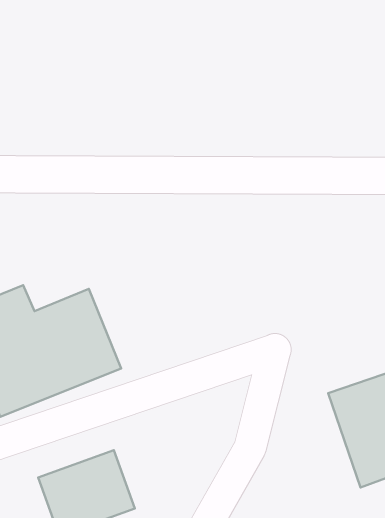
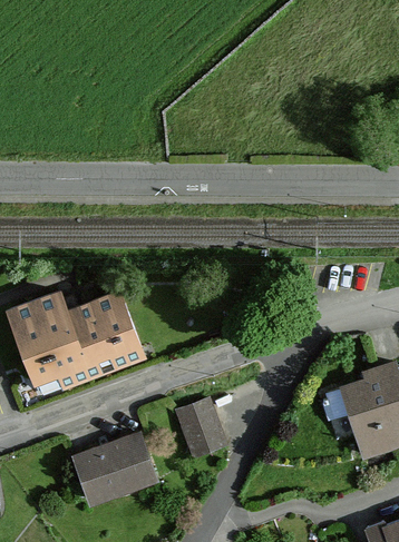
building: none -> [176,398,231,462]

